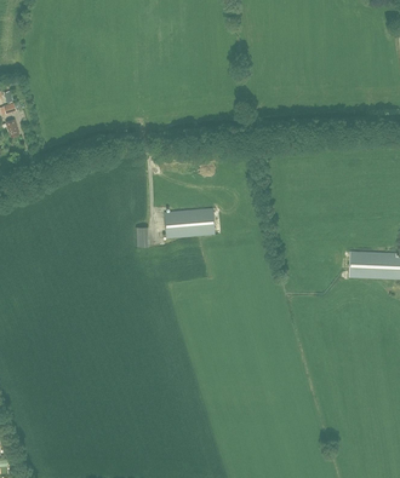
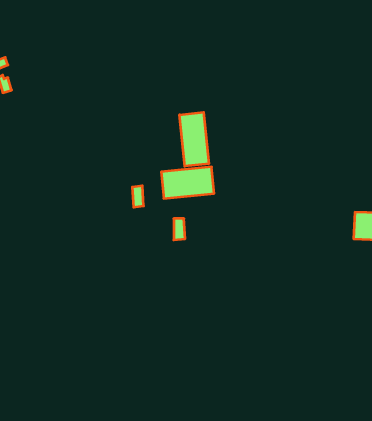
building: none -> [180,112,209,166]

